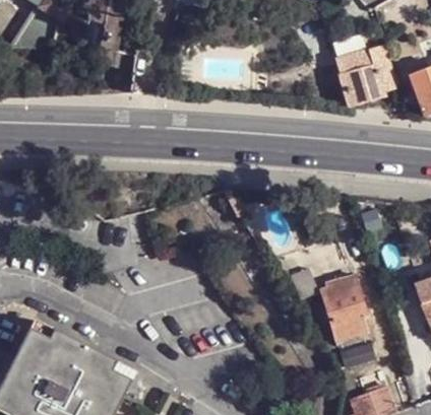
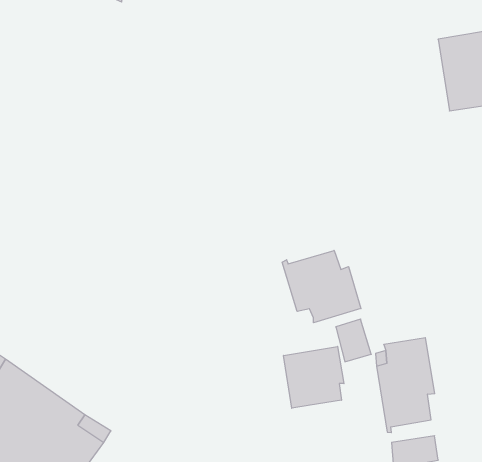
building: none -> [282,250,361,323]
building: none -> [284,346,344,408]

